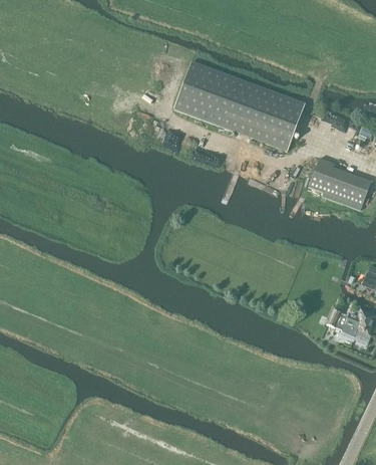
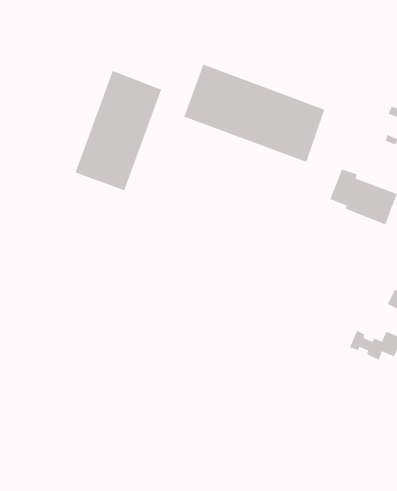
building: none -> [75,70,162,191]

